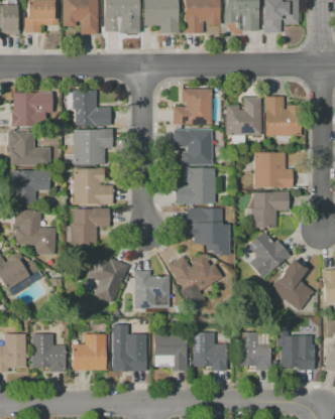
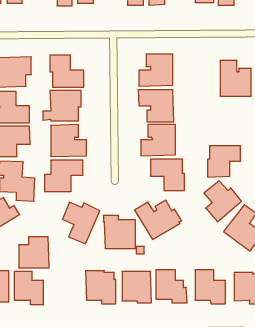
building: [226,96,261,136] -> none
building: [254,151,293,186] -> none
building: [73,334,107,370] -> [19,237,49,268]

